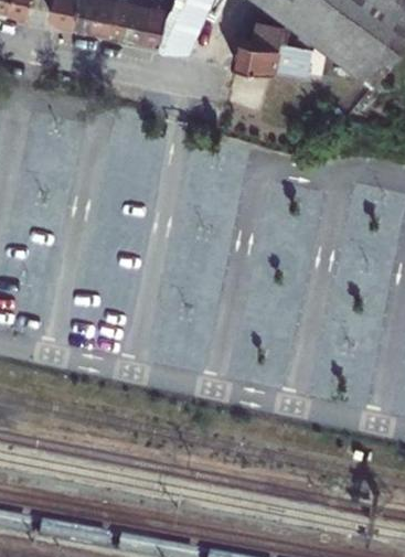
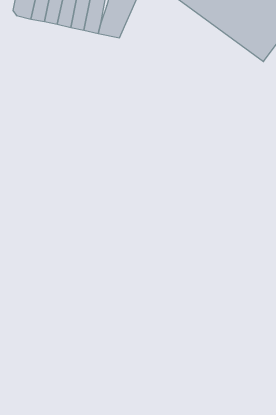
building: [230,21,309,76] -> none

